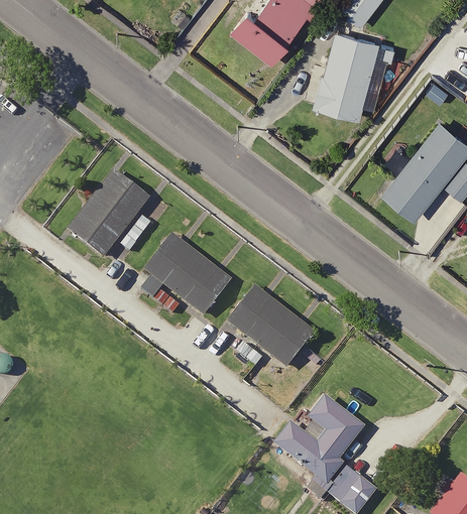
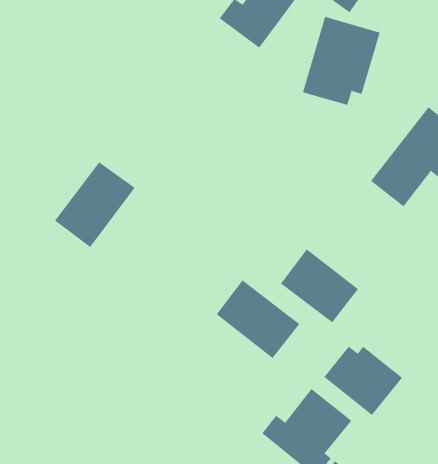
building: [146,236,232,315] -> none
building: none -> [280,248,359,323]
building: none -> [323,346,403,416]

